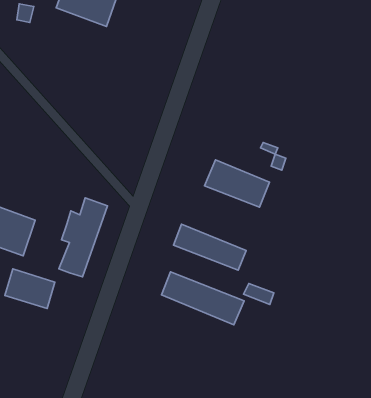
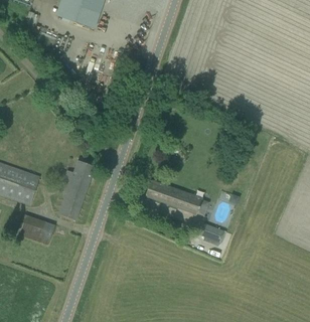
building: [205,160,270,207] -> none
building: [161,272,244,325] -> none

